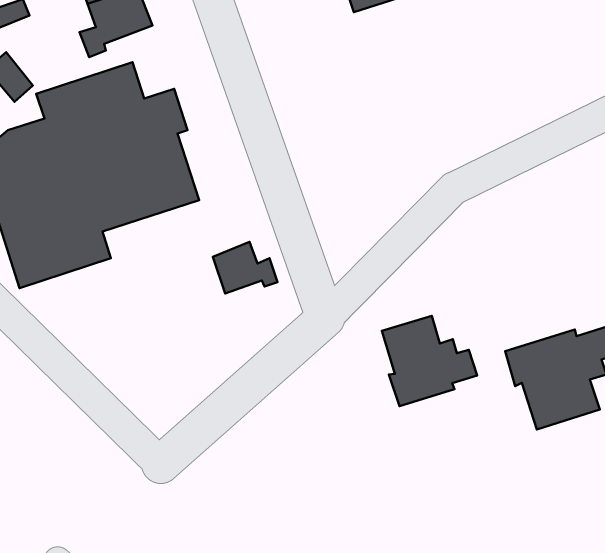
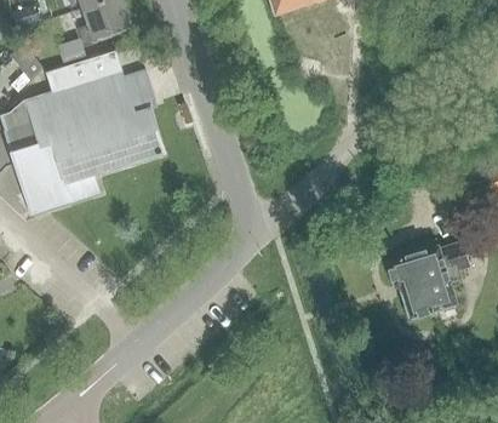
building: [213,242,277,294] -> none
building: [382,316,477,406] -> none

